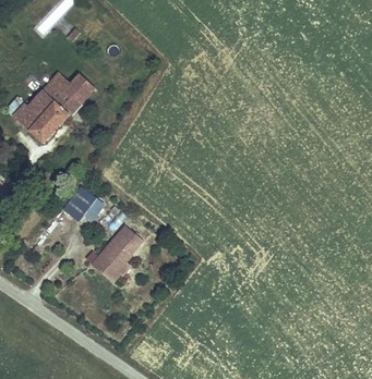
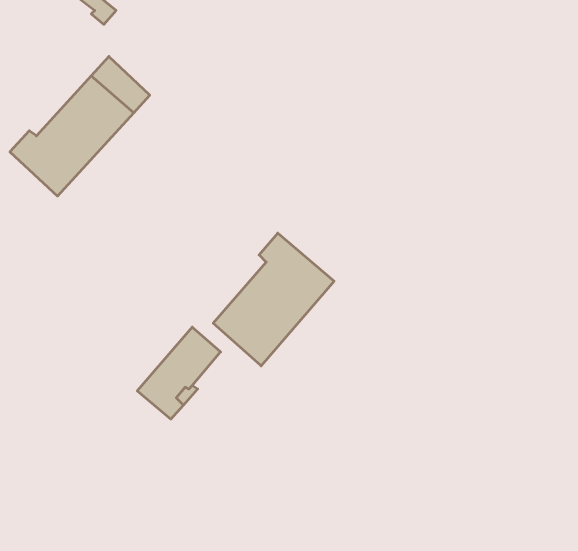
building: none -> [213,233,334,366]
building: [62,184,103,223] -> none

